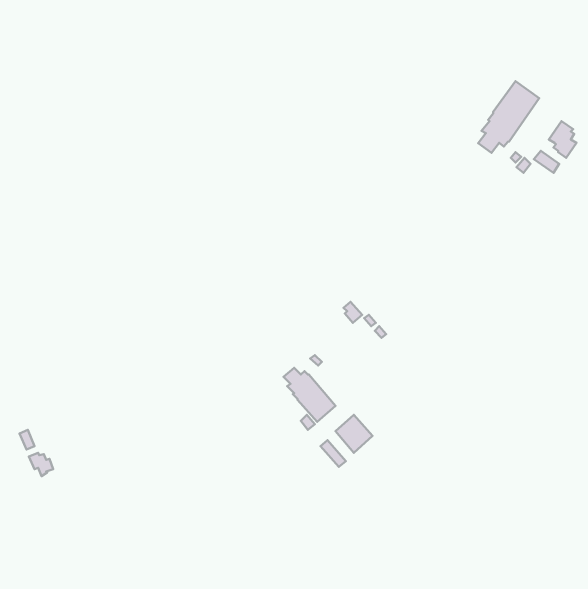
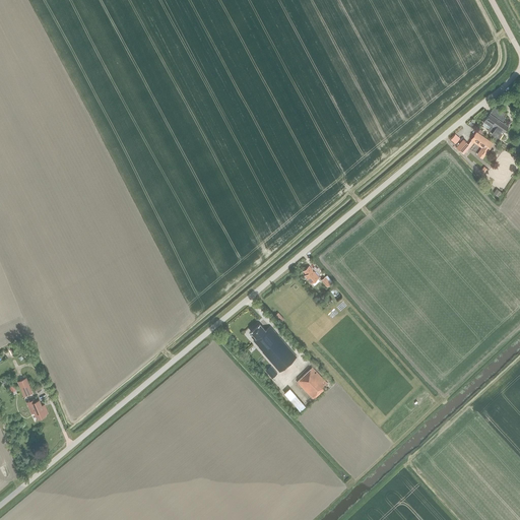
building: [478,81,539,153] -> none

